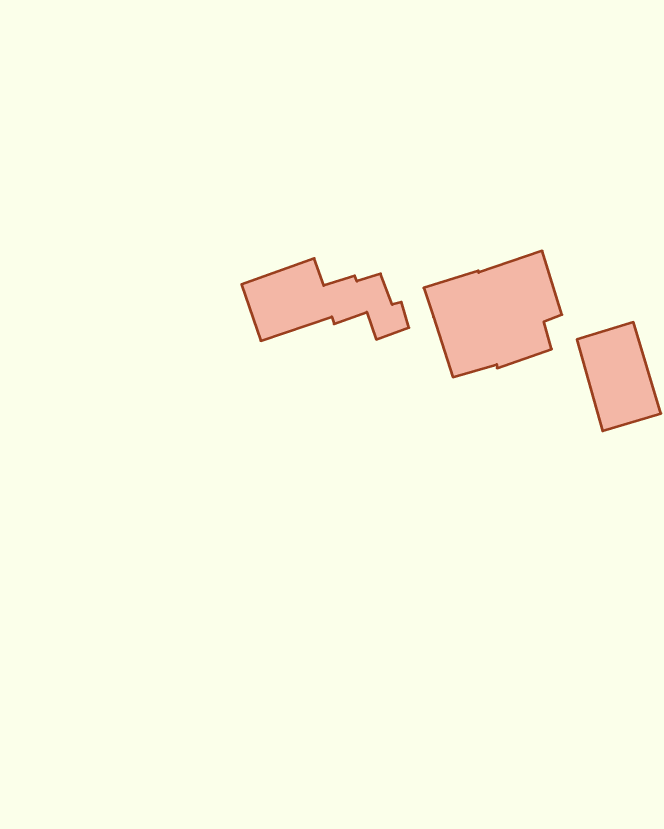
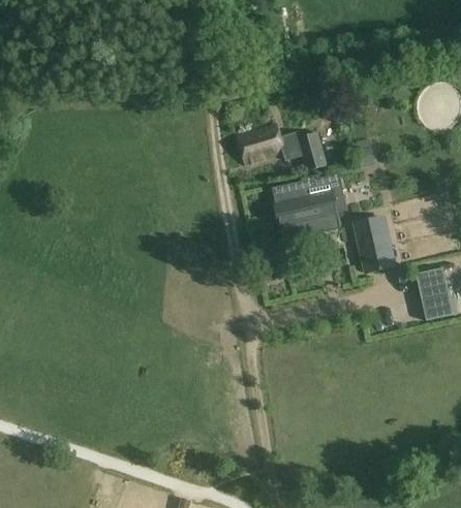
building: [242,258,409,341] -> [236,122,327,169]

